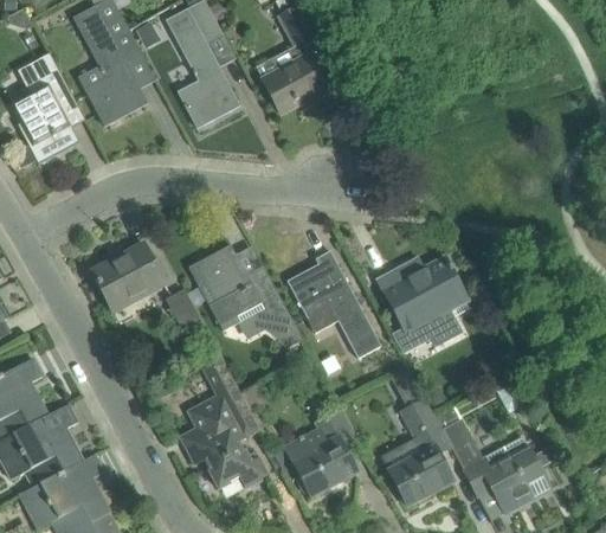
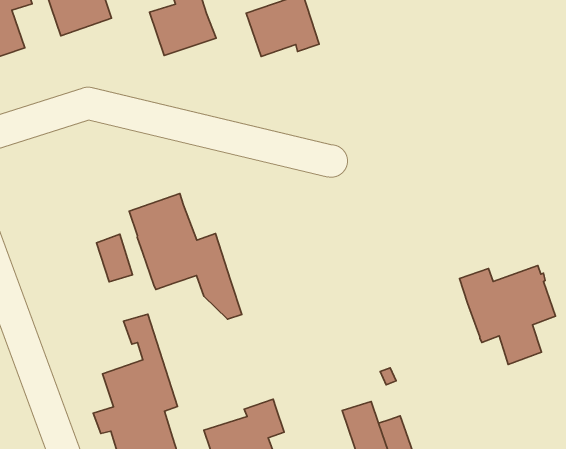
building: [91,243,165,310] -> none
building: [286,250,381,358] -> none
building: [378,257,466,347] -> [459,266,556,365]

